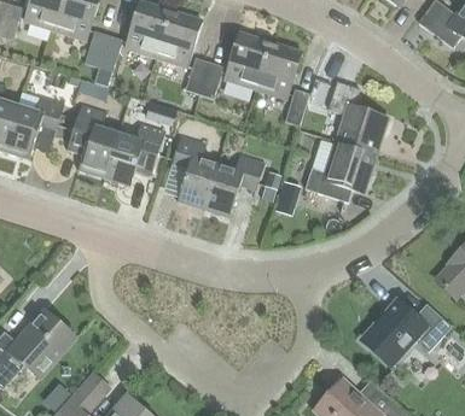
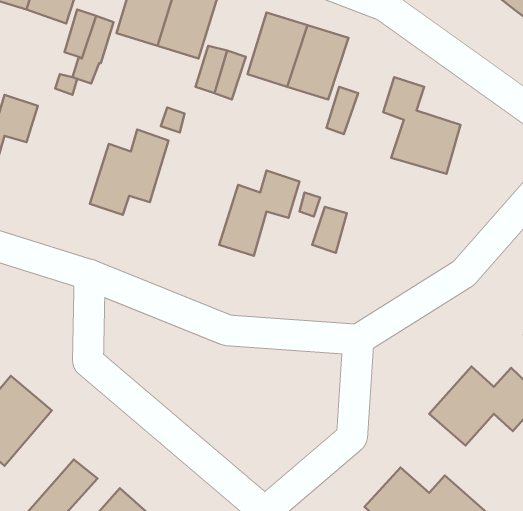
building: [66,102,118,177] -> none
building: [172,134,217,209] -> none
building: [304,142,377,201] -> none

